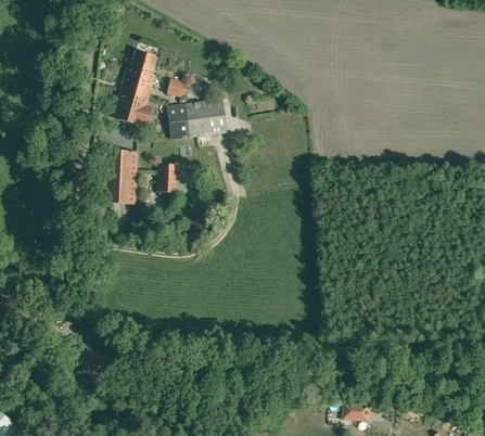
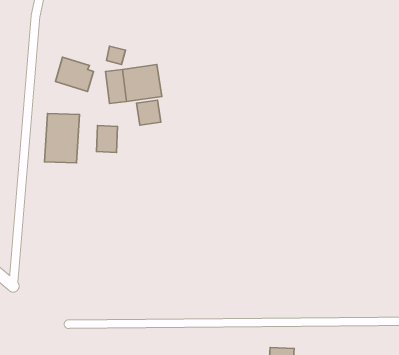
building: [119,49,157,98] -> none
building: none -> [136,100,161,125]

